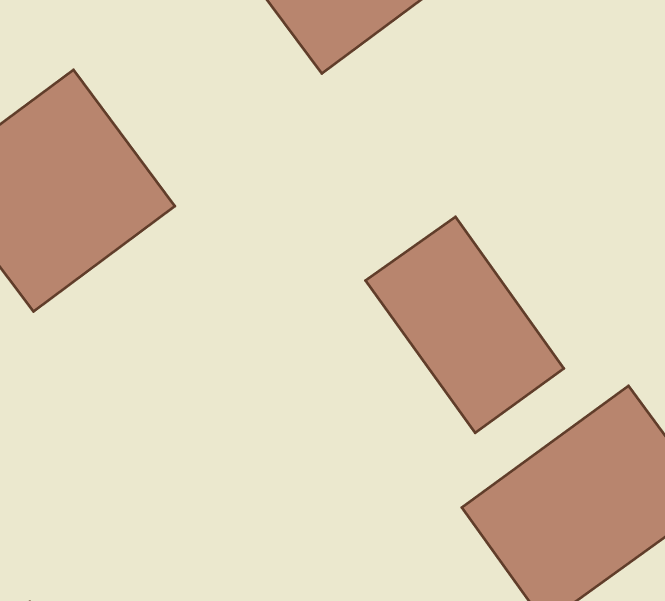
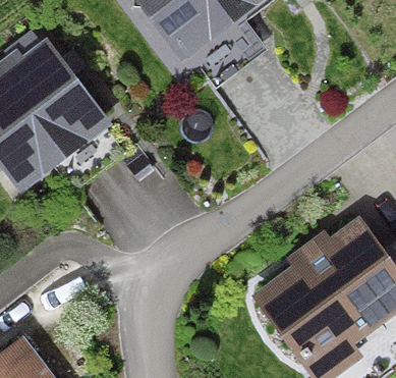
building: [365,217,564,433] -> none

